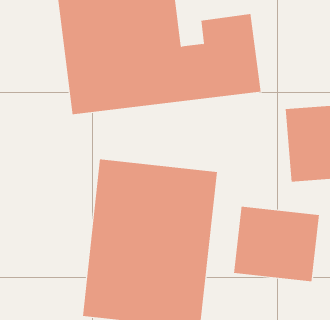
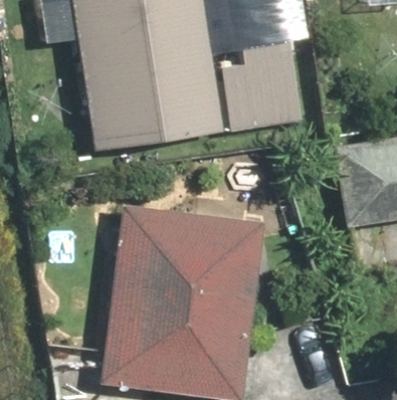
building: [233,206,320,282] -> none

